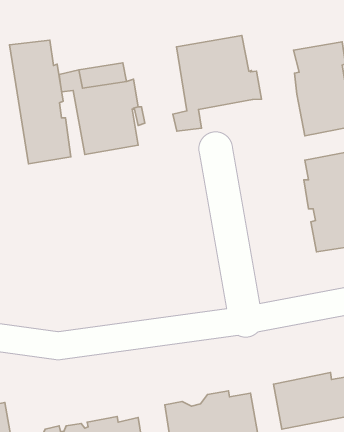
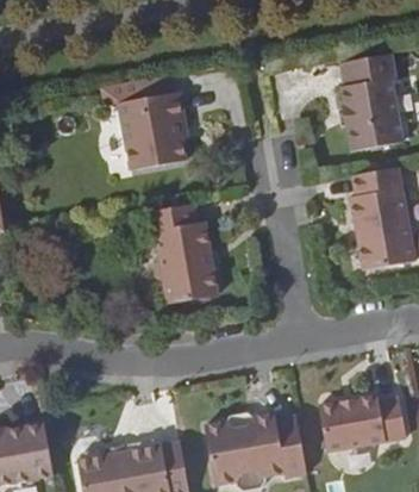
building: [173,36,261,131] -> none
building: [10,40,71,164] -> none
building: none -> [144,203,220,303]

